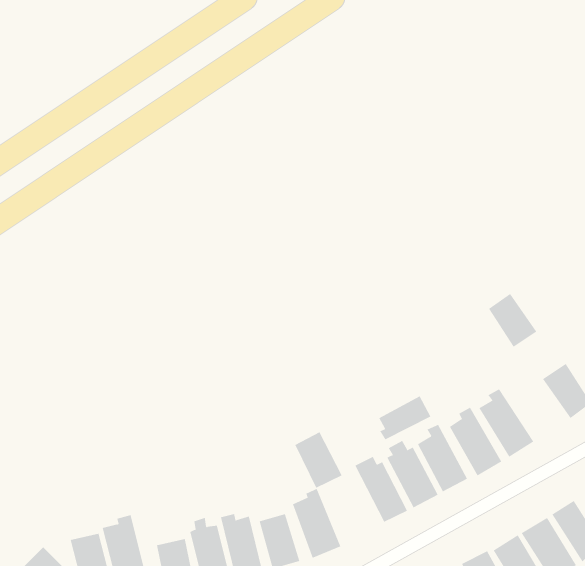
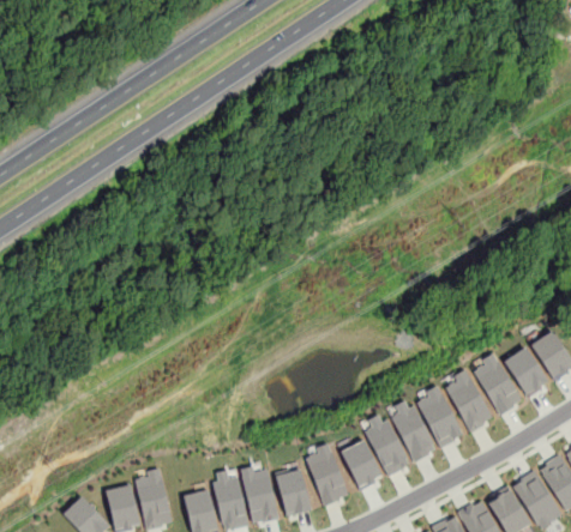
building: [488,293,537,348] -> [504,346,548,395]
building: [378,396,431,440] -> none
building: [295,431,342,489] -> [339,437,383,489]

